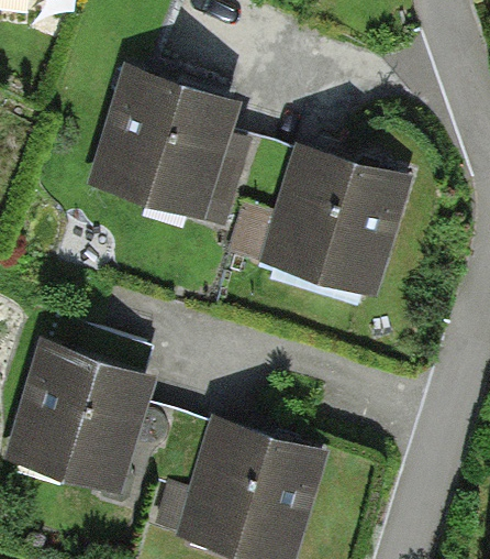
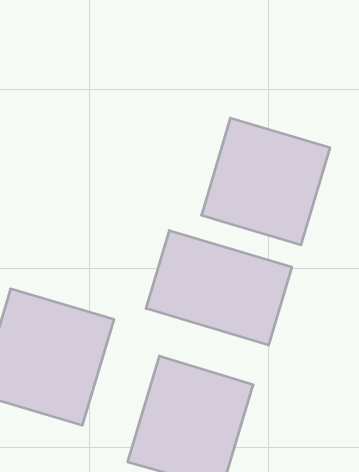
building: [87,65,241,216] -> none
building: none -> [146,230,292,345]

